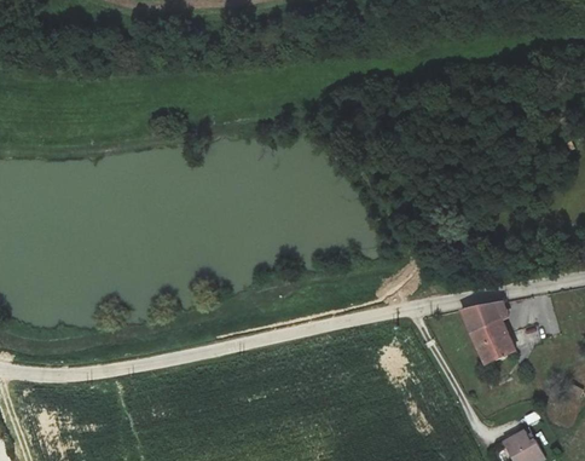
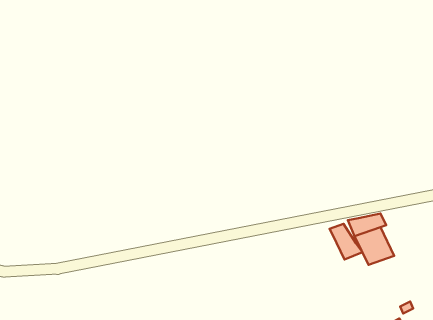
building: none -> [330,224,362,259]

